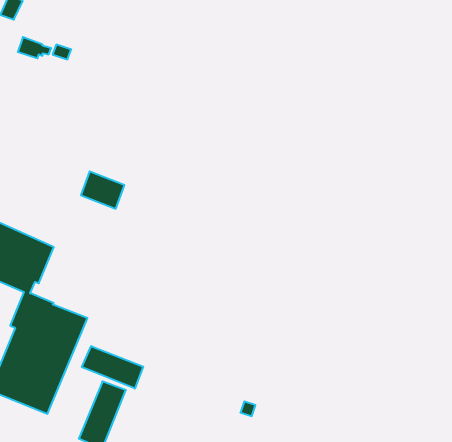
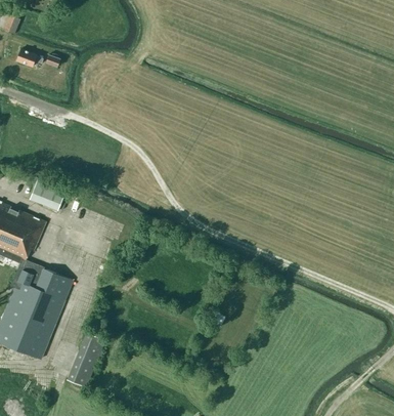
building: [81,171,124,209] -> [30,179,65,210]
building: [82,346,143,389] -> none

